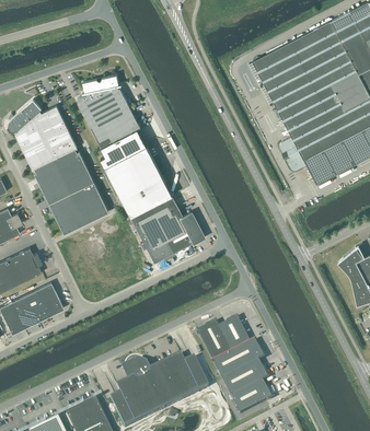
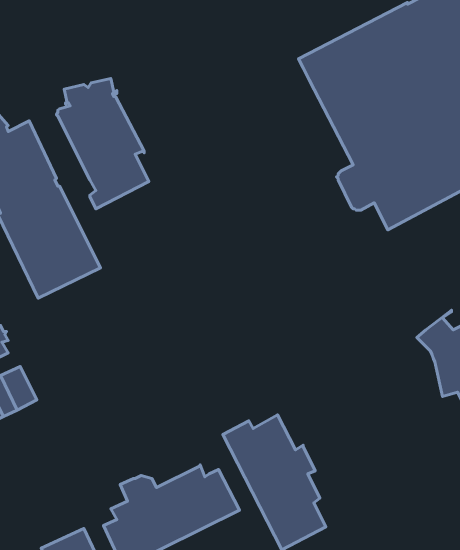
building: [105,147,204,263] -> none

